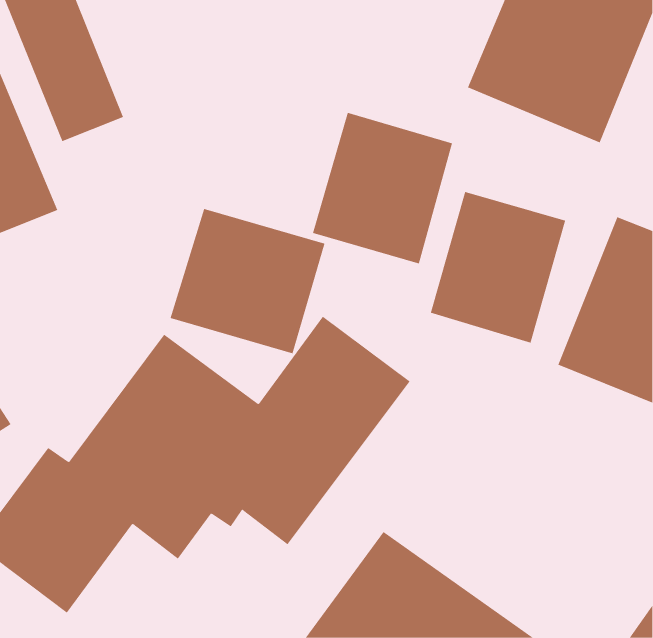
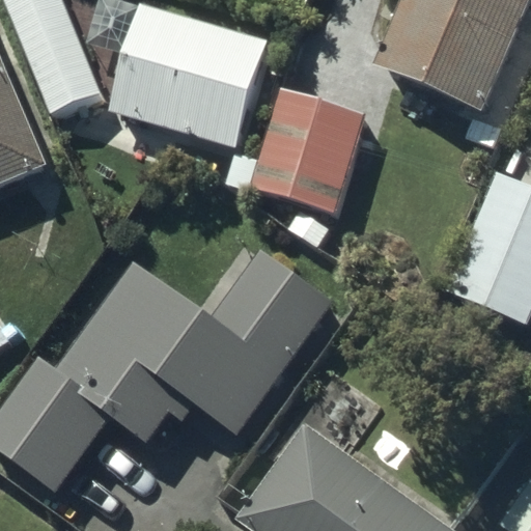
building: none -> [110,7,269,149]
building: [430,191,566,343] -> none
building: [170,208,325,354] -> none

